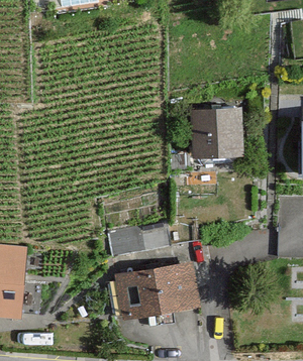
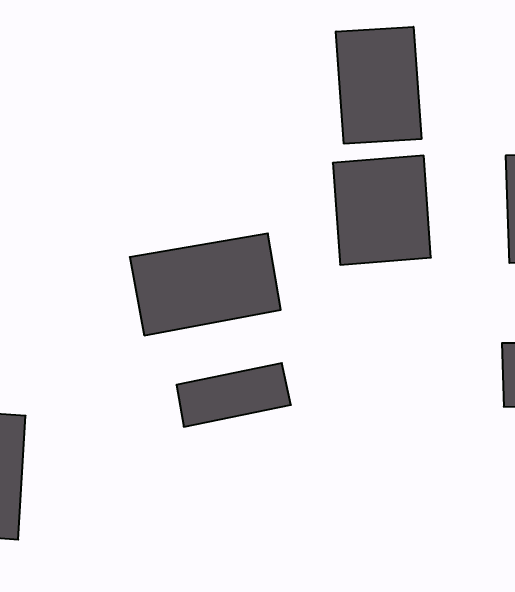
building: none -> [336,27,421,144]
building: [108,261,192,318] -> [130,233,281,335]

